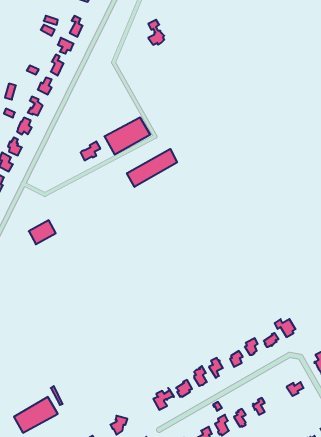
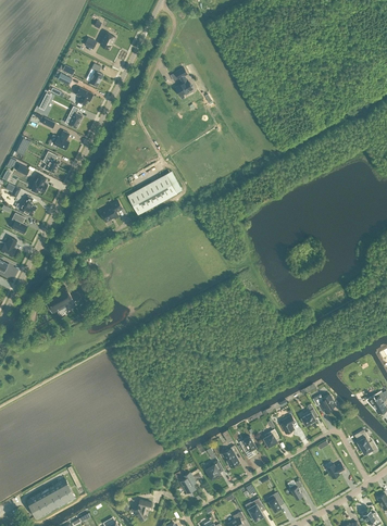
building: [127,149,177,187] -> none

